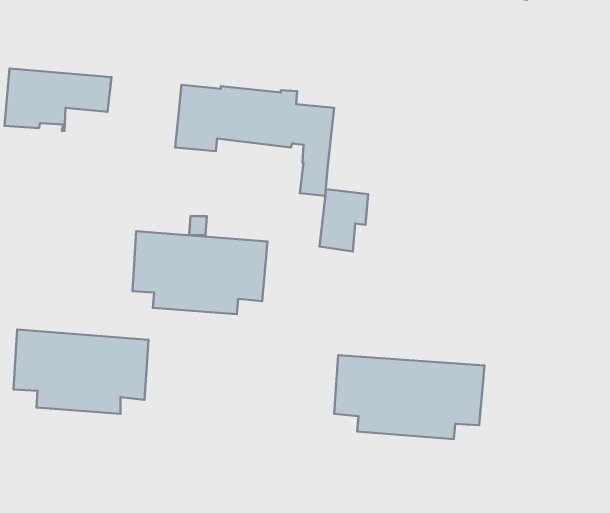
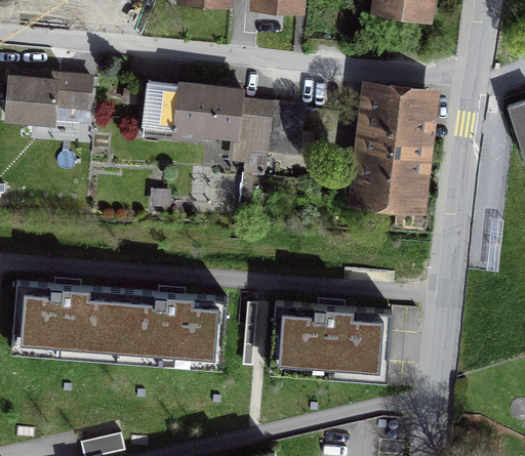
building: none -> [361,92,430,210]
building: [320,189,368,252] -> [266,109,305,159]
building: [132,231,267,314] -> [118,295,227,362]

